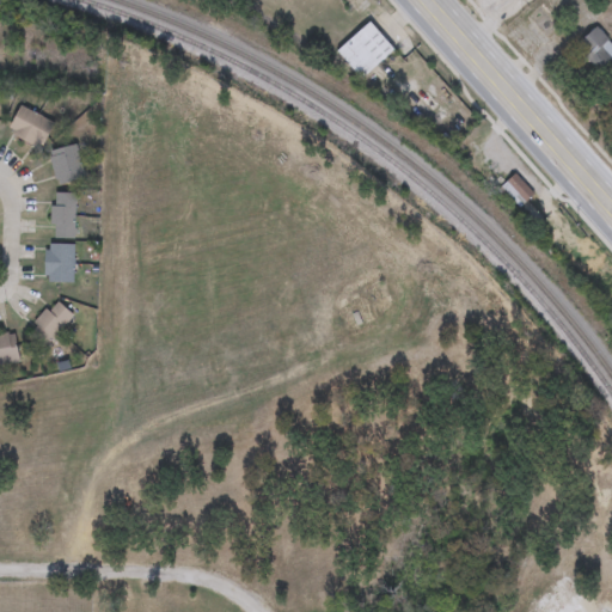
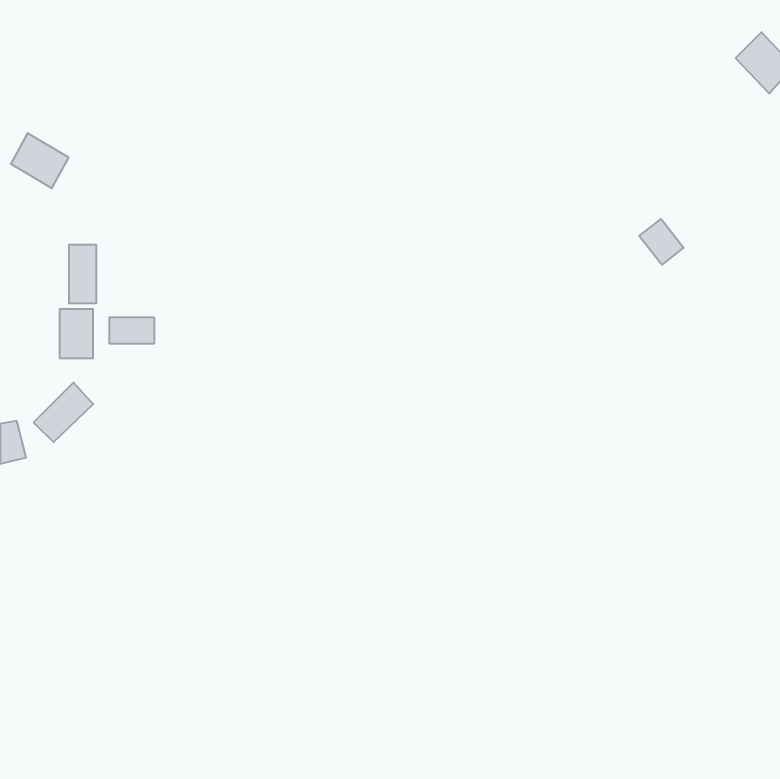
building: [337,20,394,78] -> none
building: [50,143,85,184] -> none
building: none -> [109,317,154,344]

